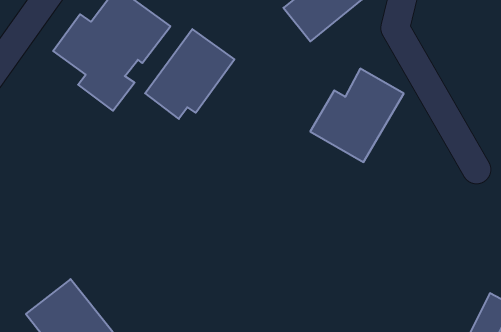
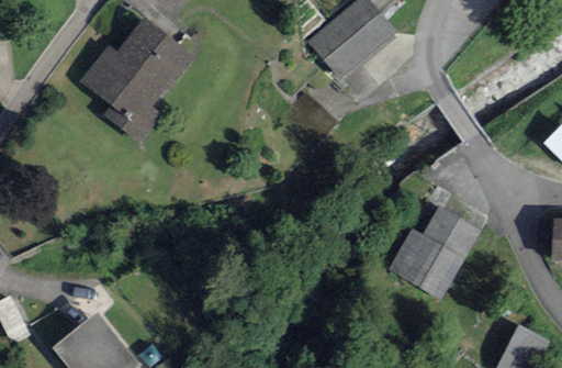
building: [145,29,234,119] -> none
building: [310,69,404,162] -> [387,205,482,300]

